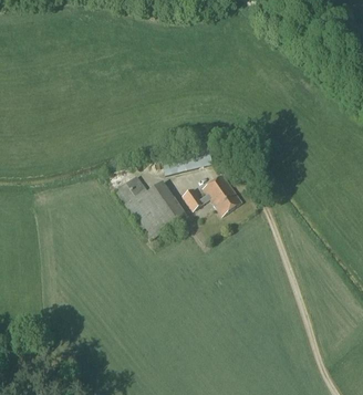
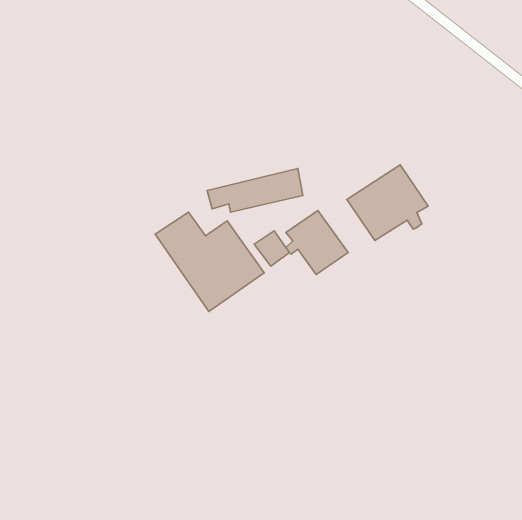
building: none -> [347,165,428,241]

